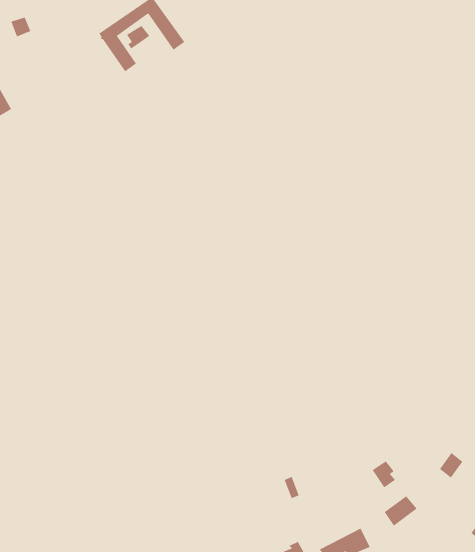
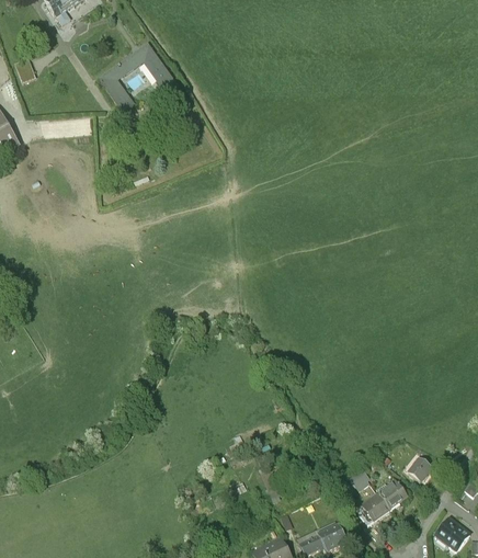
building: none -> [376,479,407,509]

